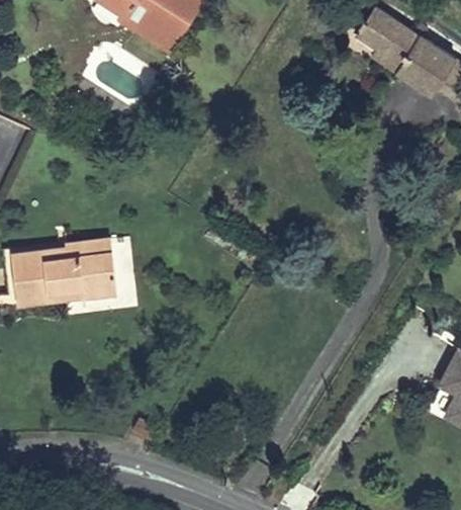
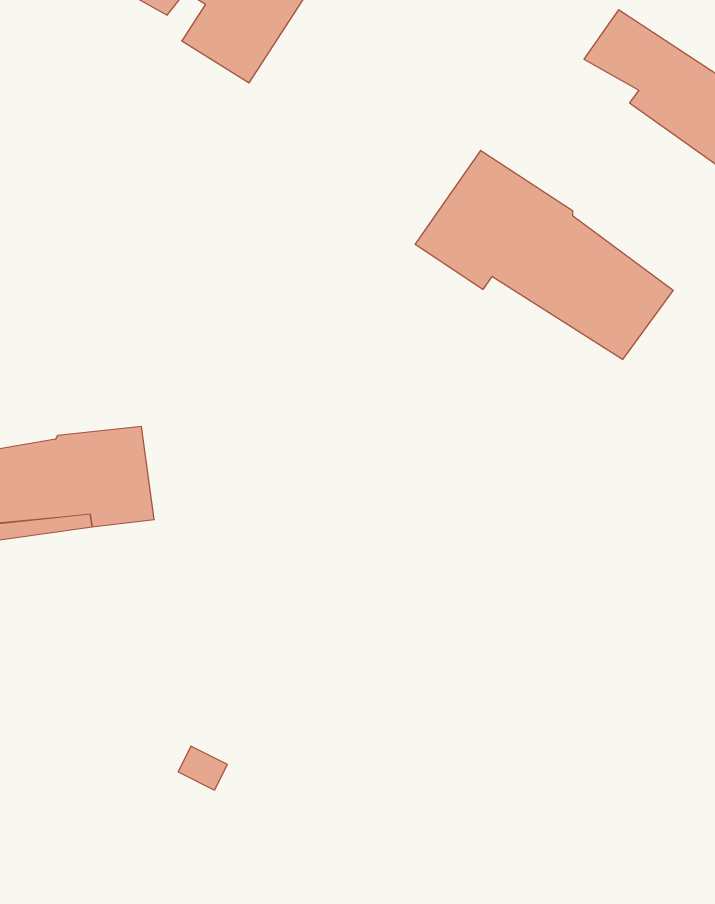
building: none -> [415,150,673,359]

